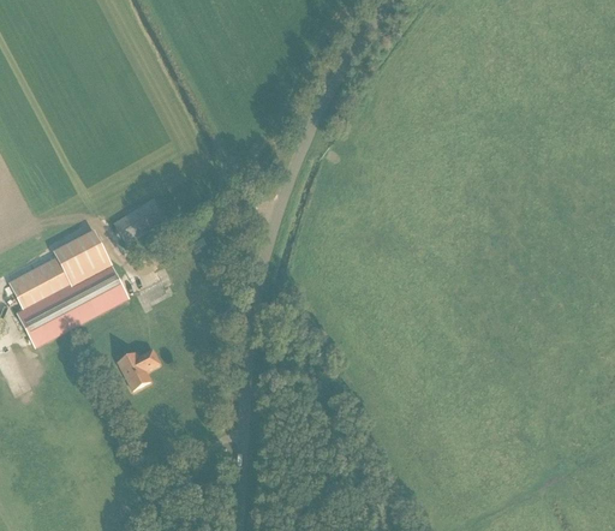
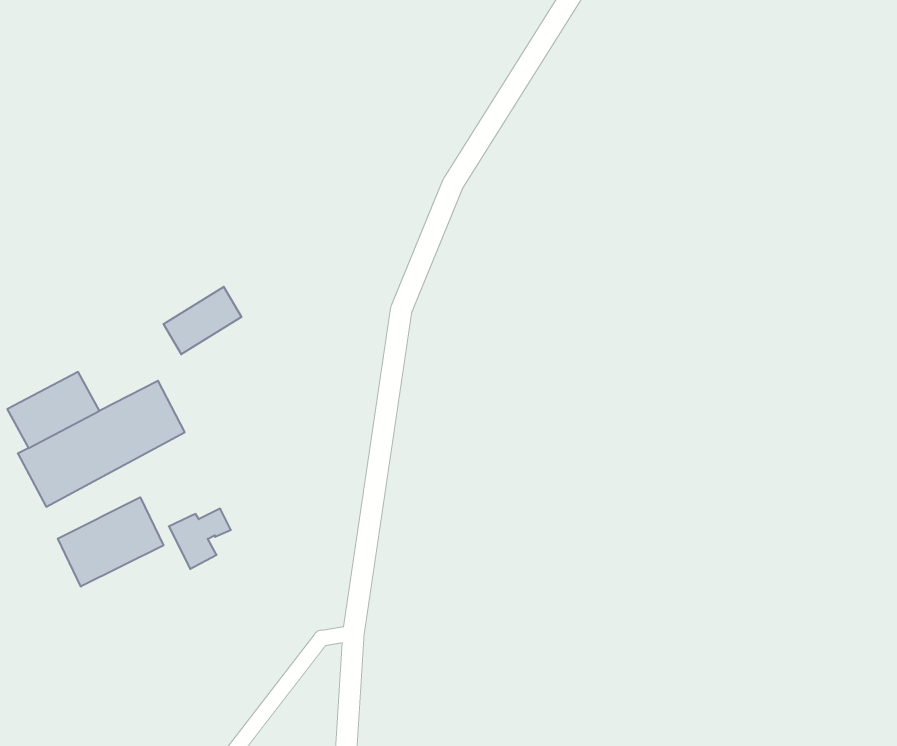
building: [53,232,109,282] -> none
building: none -> [58,497,163,587]

